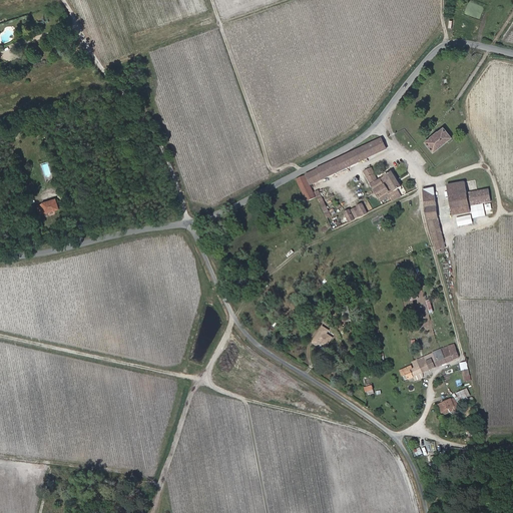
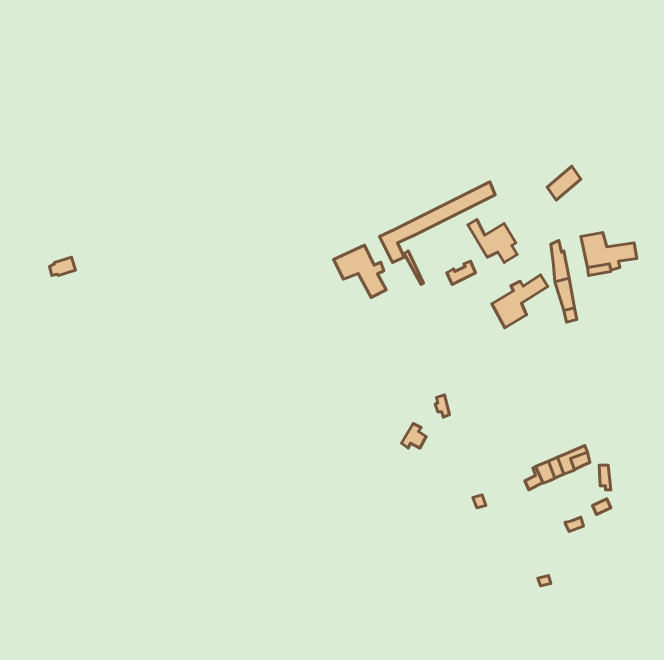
building: none -> [334,245,386,298]
building: none -> [492,275,548,328]

